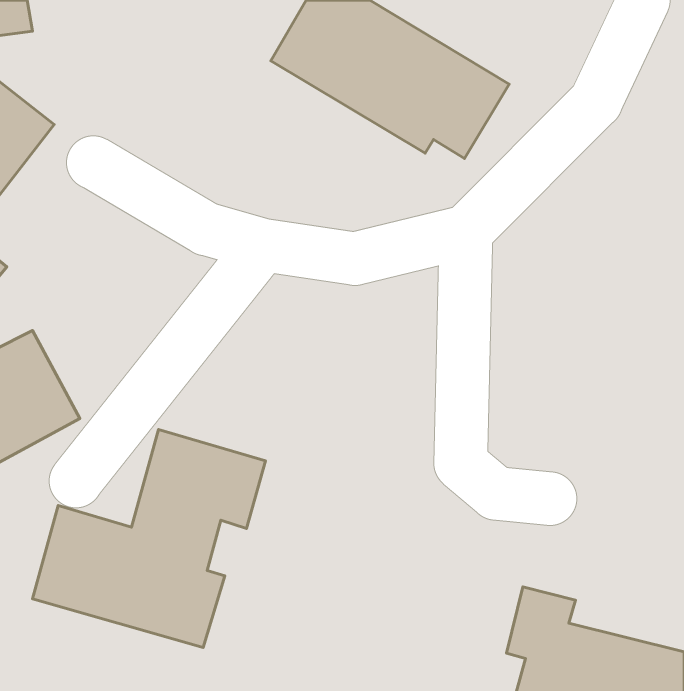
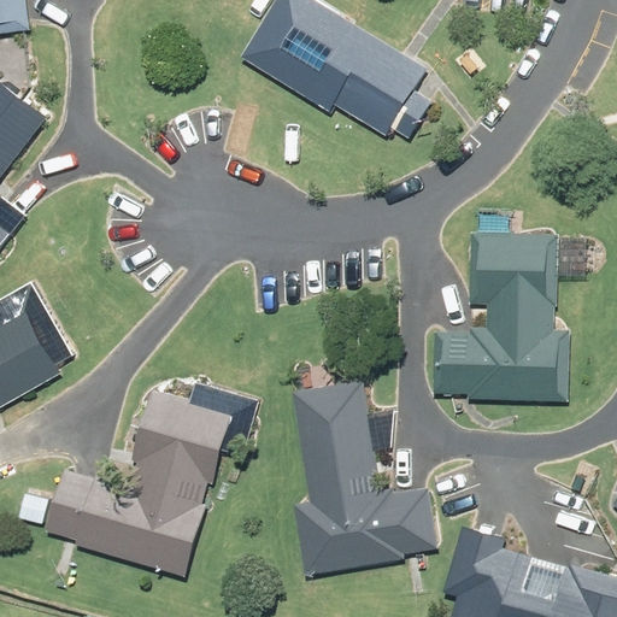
building: none -> [435,233,574,399]
building: none -> [288,387,437,574]

